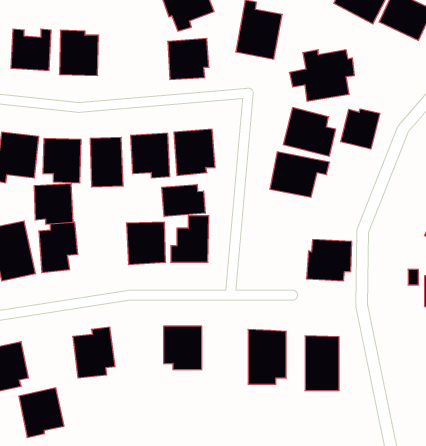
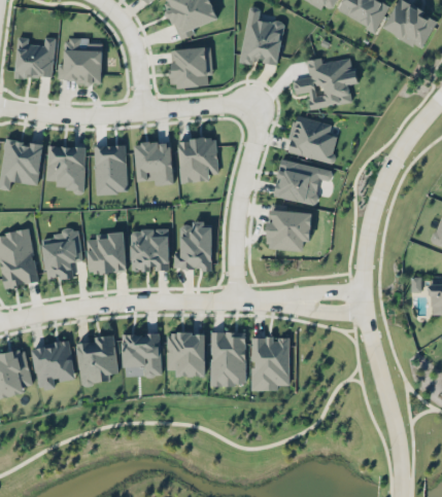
building: [341,109,380,149] -> none
building: [34,184,73,224] -> [87,233,126,273]
building: [162,184,205,217] -> none
building: [306,240,352,281] -> [266,209,311,250]
building: none -> [122,332,161,376]
building: [305,336,339,391] -> [211,330,245,385]
building: [19,388,64,437] -> [31,340,76,389]

